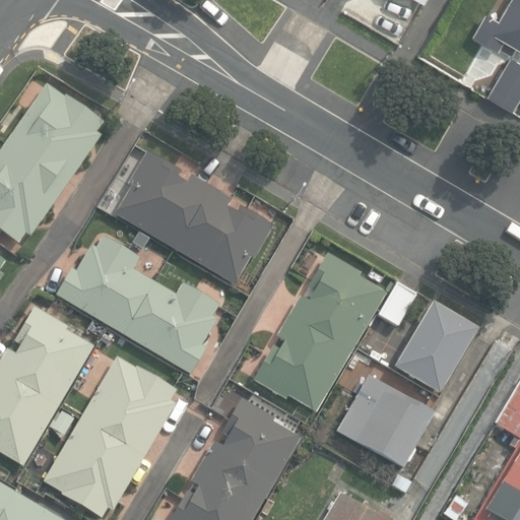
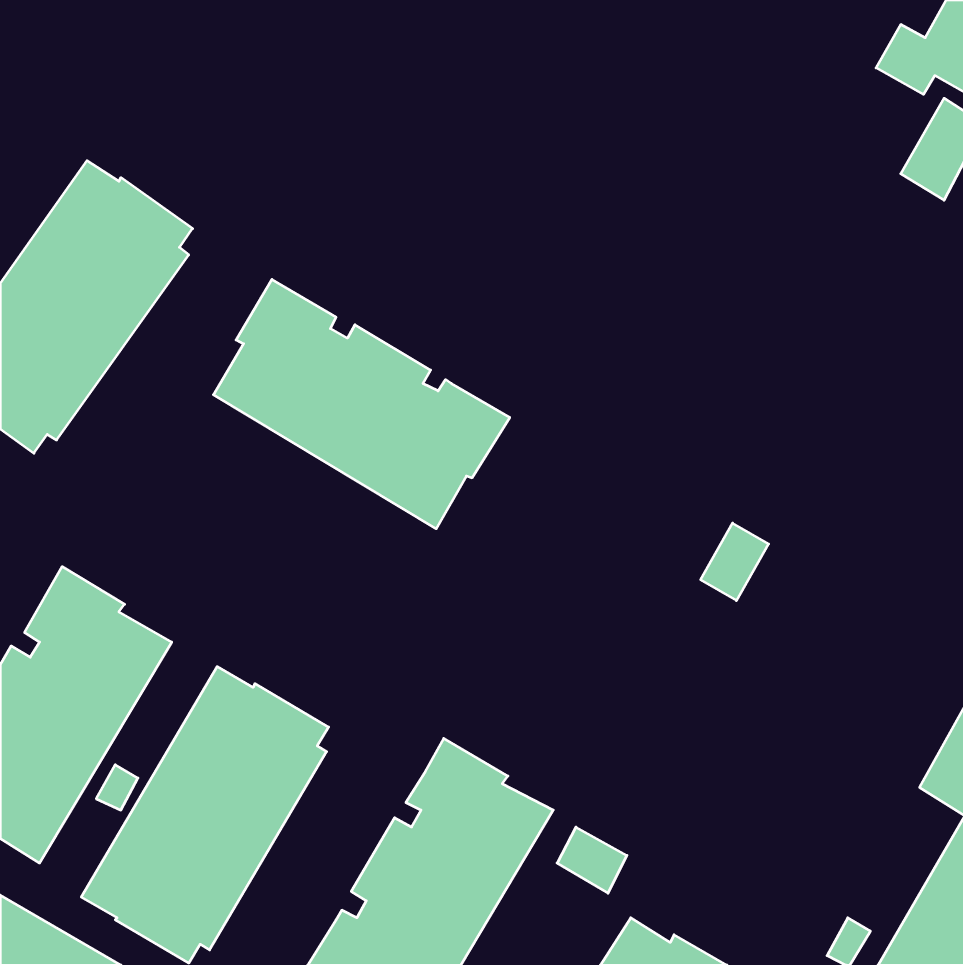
building: [57,237,220,376] -> none
building: [251,252,385,410] -> none
building: [392,305,476,397] -> none
building: [335,377,433,470] -> none

